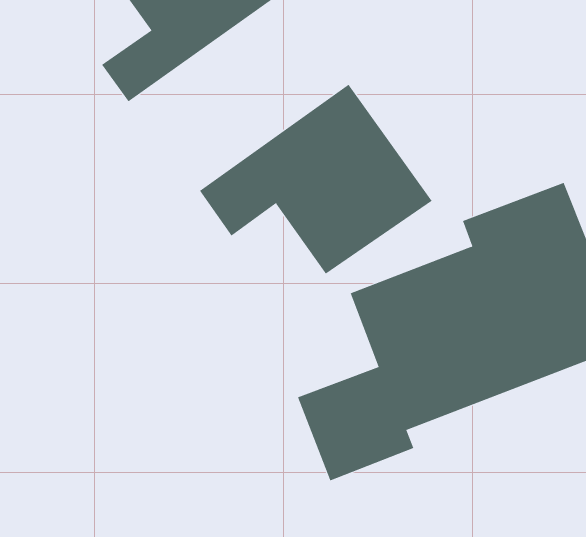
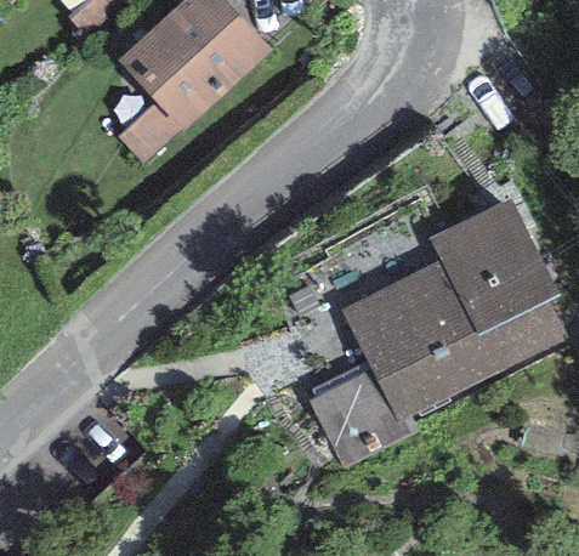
building: [199,84,432,275] -> none

